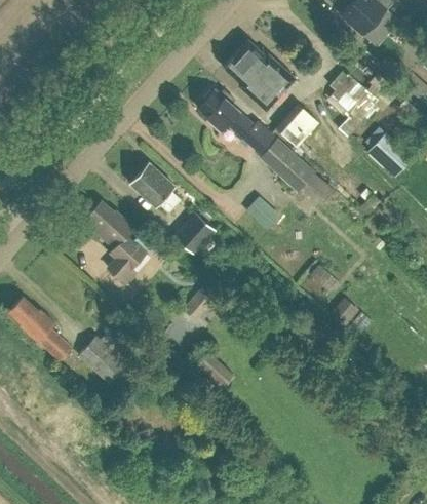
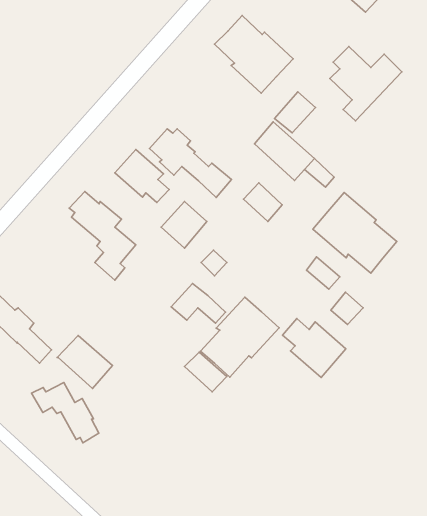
building: [198,90,274,154] -> [150,129,232,197]
building: [366,131,413,178] -> none
building: none -> [313,192,397,273]
building: none -> [201,297,279,377]
building: none -> [283,319,346,378]
building: none -> [32,382,99,443]

